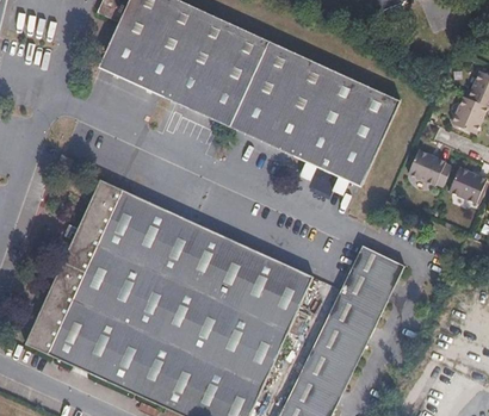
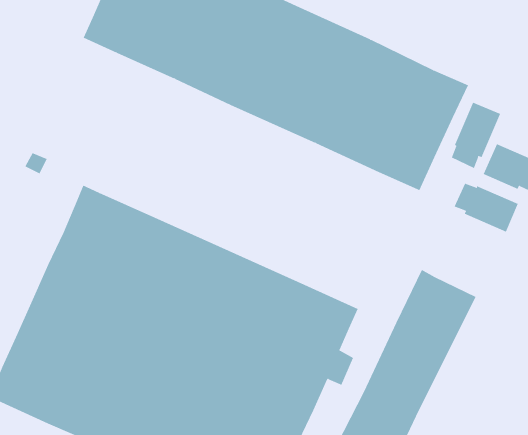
building: none -> [451,102,501,169]
building: none -> [454,183,518,233]

